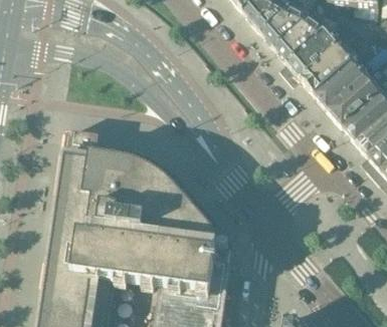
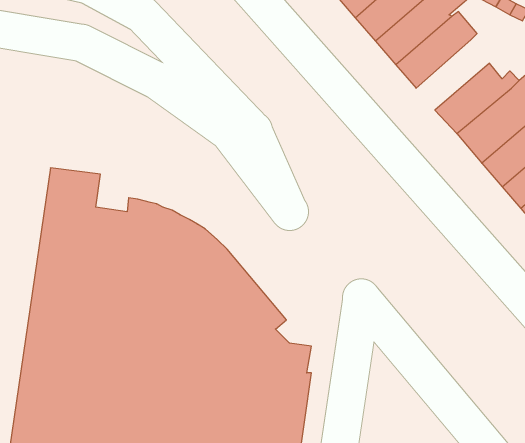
building: [303,48,357,93] -> none

